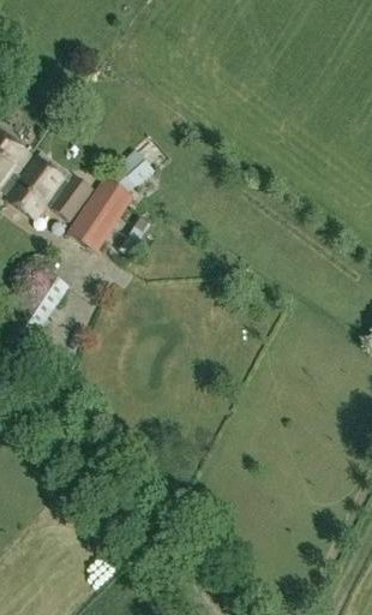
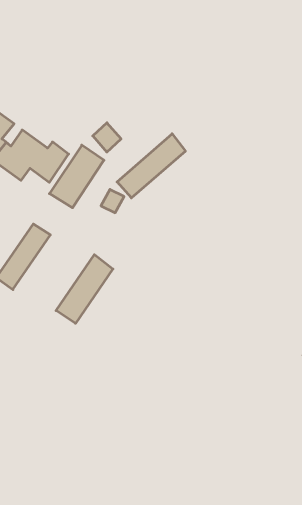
building: none -> [117,134,185,198]
building: none -> [56,255,113,323]

